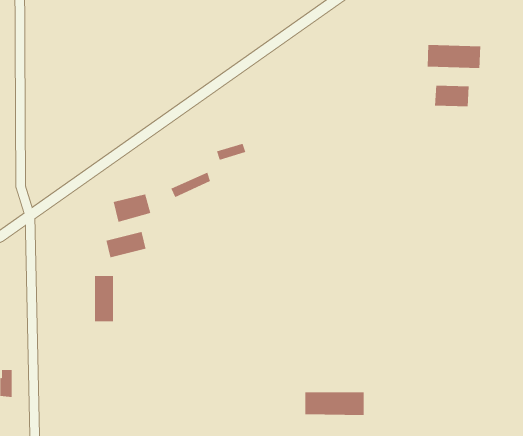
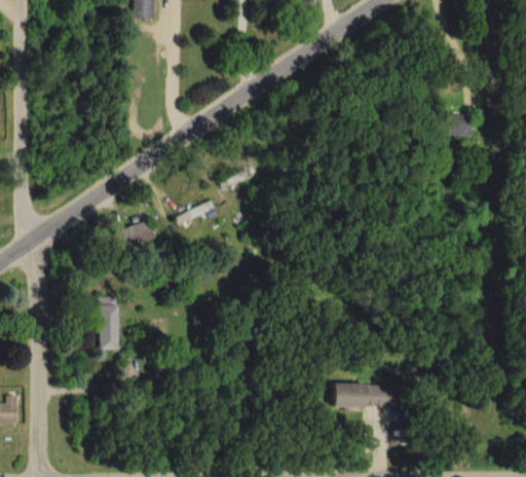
building: [427,44,481,69] -> none
building: [106,231,146,258] -> none
building: [304,392,364,415] -> [334,384,393,408]

